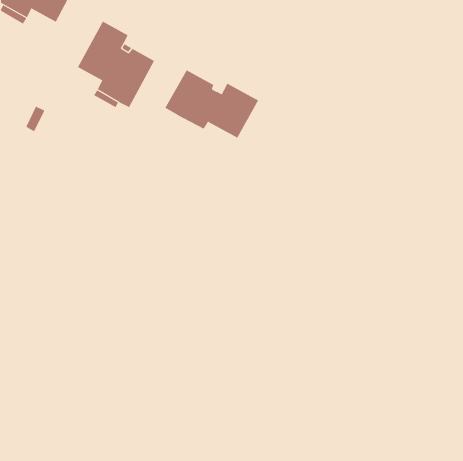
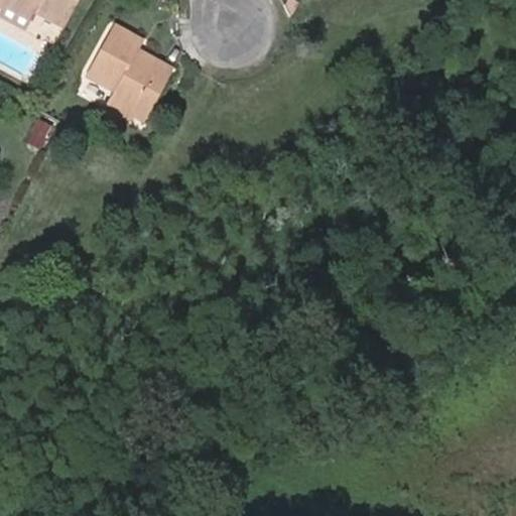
building: [165,70,259,138] -> none

